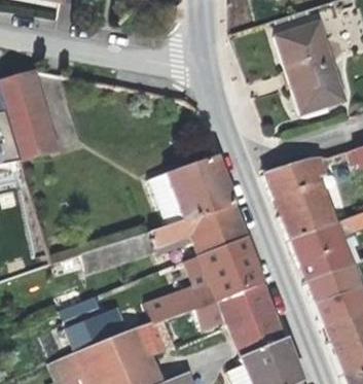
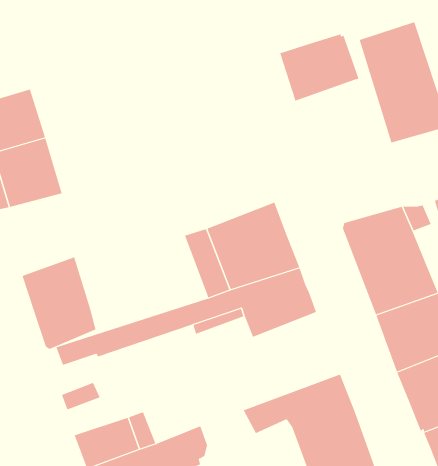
building: none -> [279,33,359,101]
building: none -> [22,257,96,350]
building: [145,238,265,325] -> none

